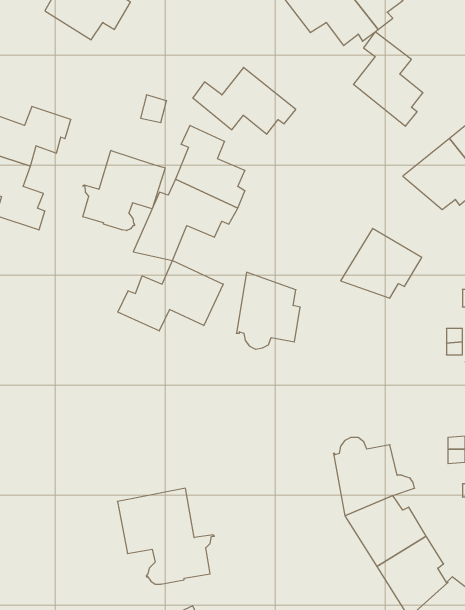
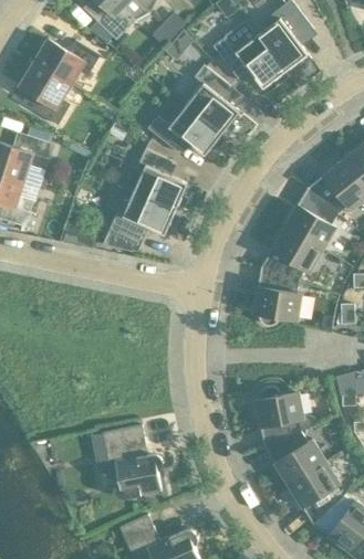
building: none -> [20,62,71,125]
building: [353,32,423,126] -> [187,65,240,137]
building: [83,150,165,231] -> none
building: none -> [285,188,339,250]
building: [118,260,223,331] -> none
building: [236,272,300,349] -> [253,267,302,326]

